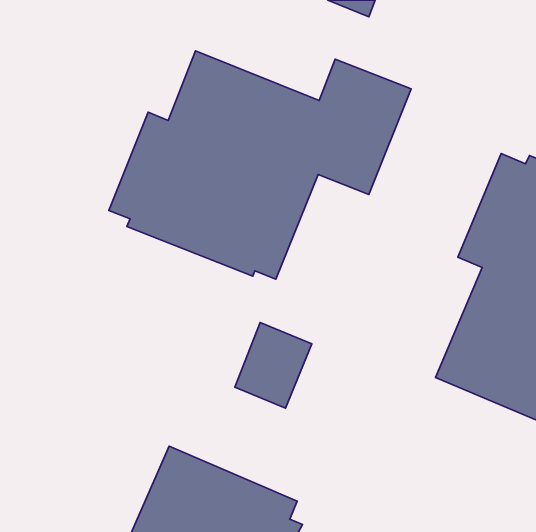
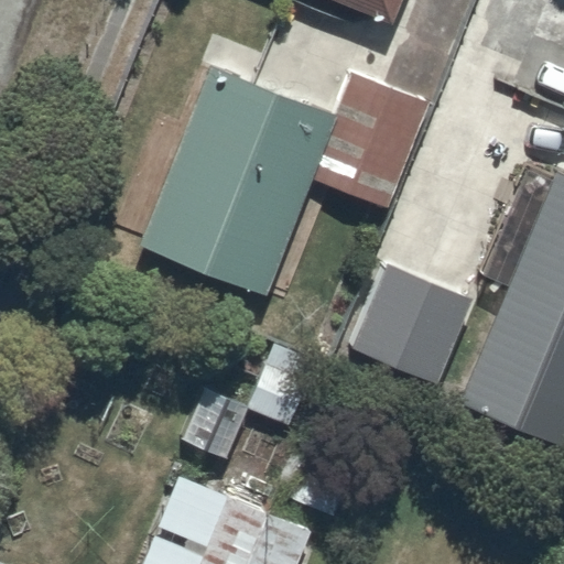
building: none -> [350,263,473,384]

